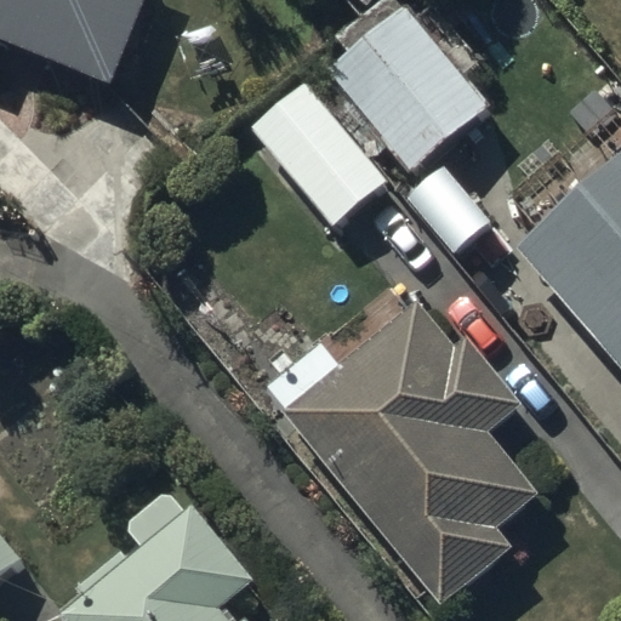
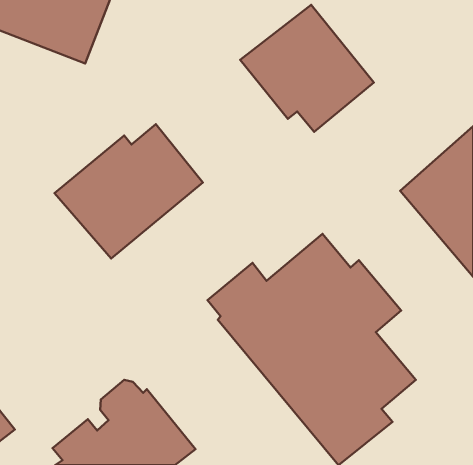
building: [260,91,387,221] -> none
building: none -> [54,124,203,259]

